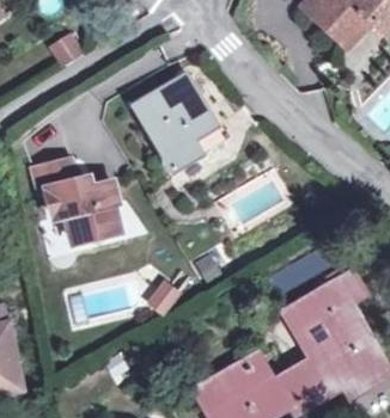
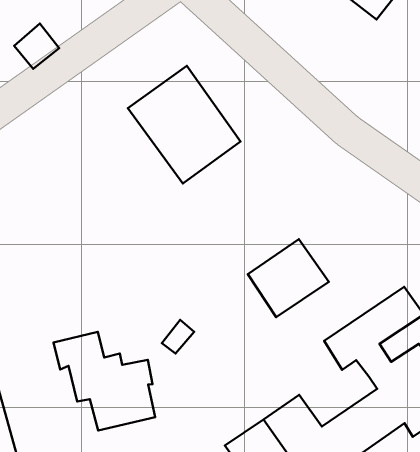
building: [36,155,115,236] -> [54,332,155,430]
building: none -> [248,239,329,317]

